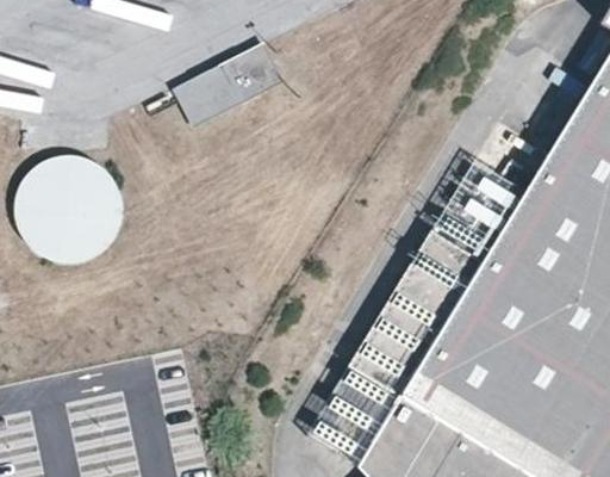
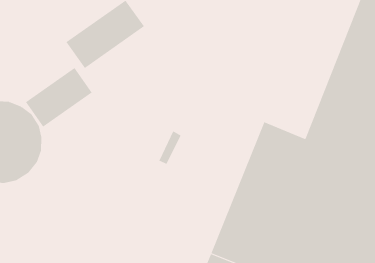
building: none -> [25,67,93,128]

